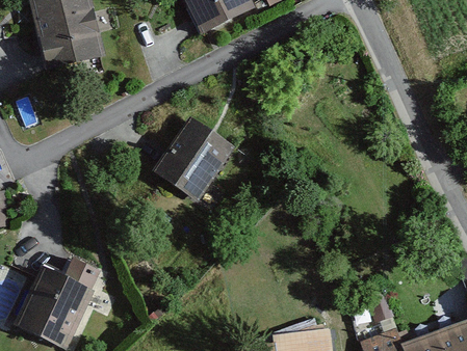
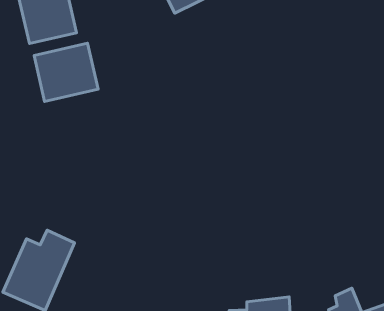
building: none -> [34,43,98,101]
building: [156,125,229,200] -> none

